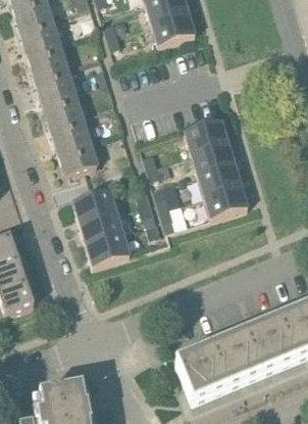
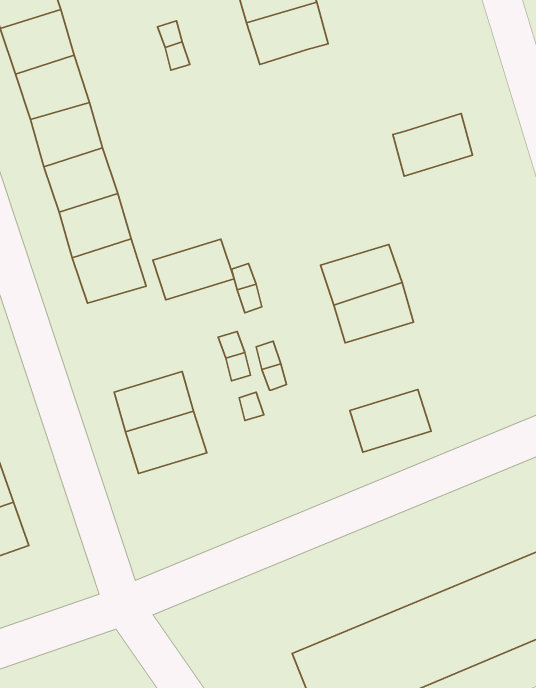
building: [185,120,227,153] -> [393,114,472,176]
building: [204,184,248,218] -> [350,390,431,452]
building: [72,189,116,222] -> [153,239,234,300]

